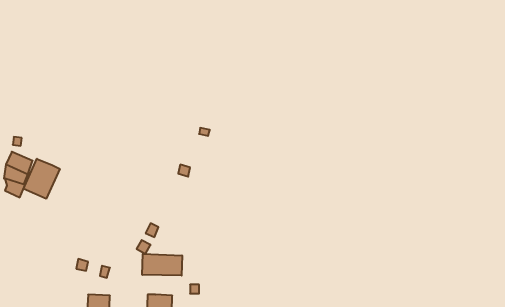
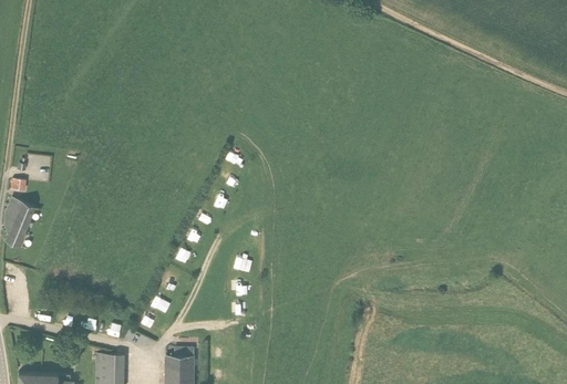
building: [23,159,60,199] -> none
building: [142,254,182,276] -> none

